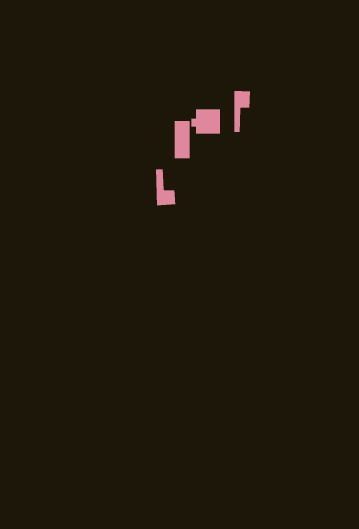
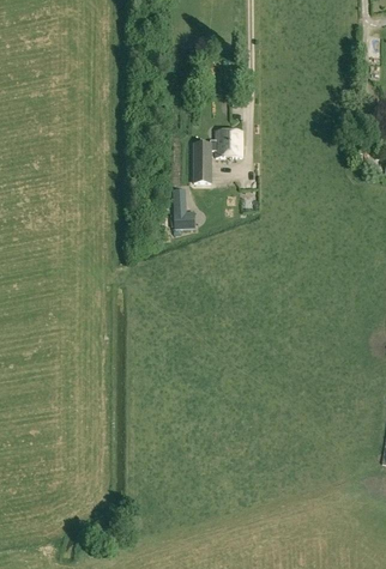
building: [233,90,251,133] -> none

